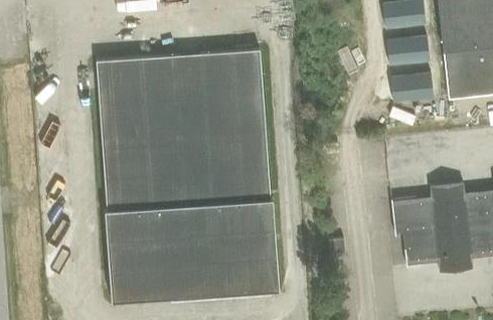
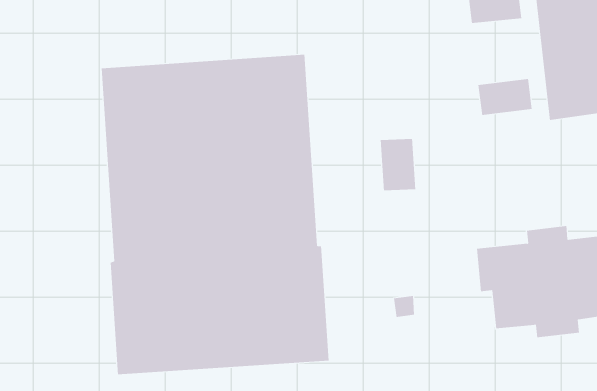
building: [389,33,433,61] -> none
building: none -> [380,138,416,191]

